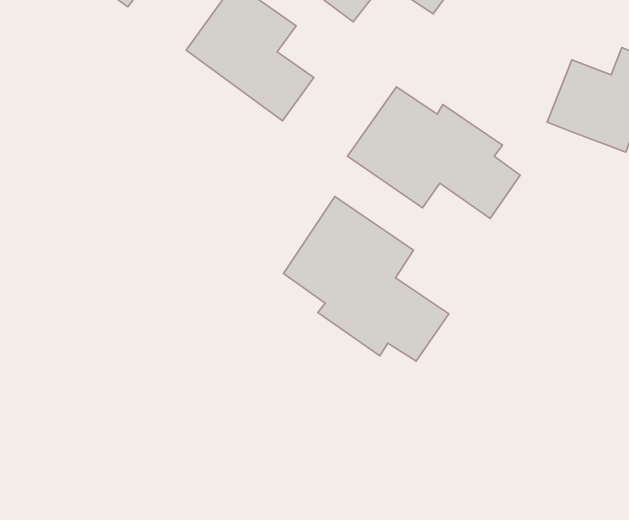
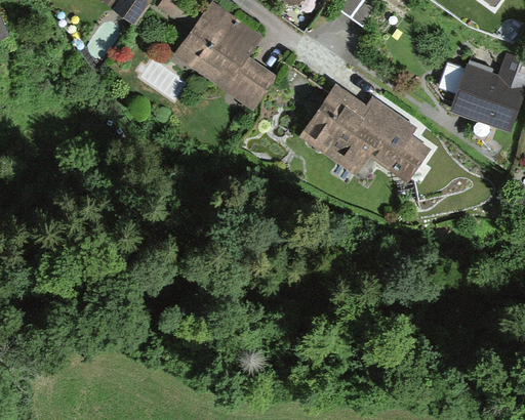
building: [283,197,449,361] -> none

